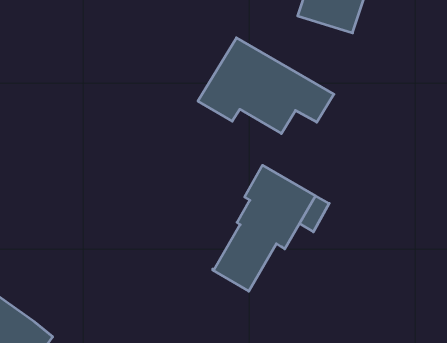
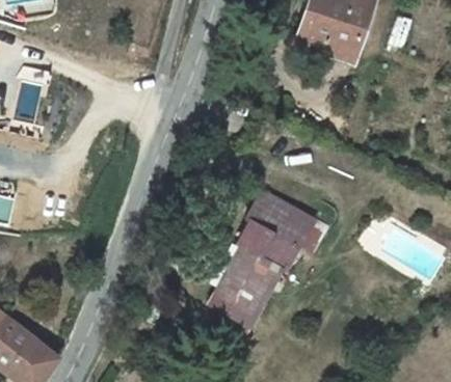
building: [198,38,334,134] -> none
building: none -> [207,266,282,327]

